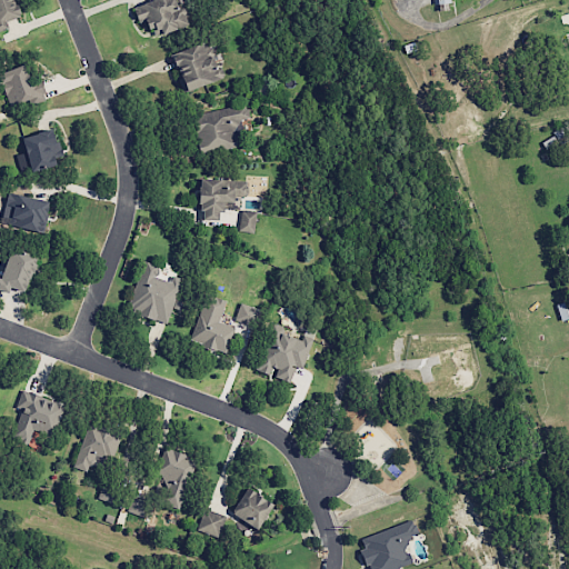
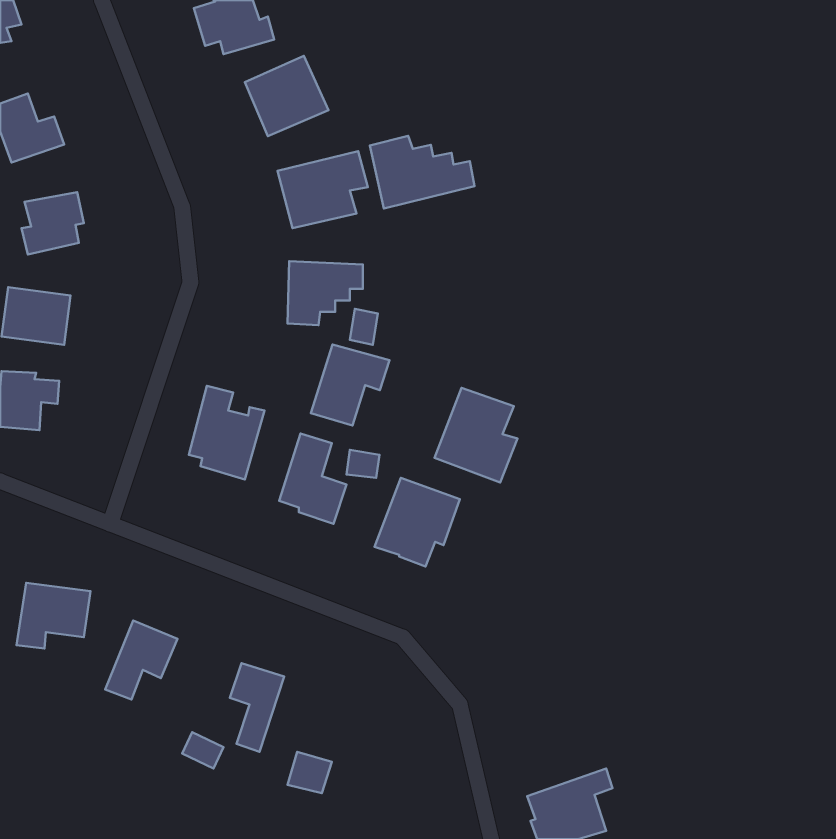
building: none -> [370,136,475,208]
building: none -> [311,344,390,426]
building: none -> [435,388,518,482]
building: [231,486,272,529] -> none

